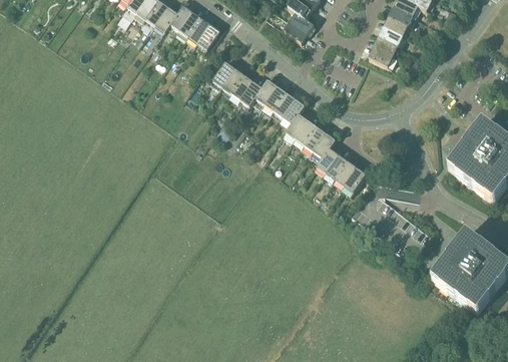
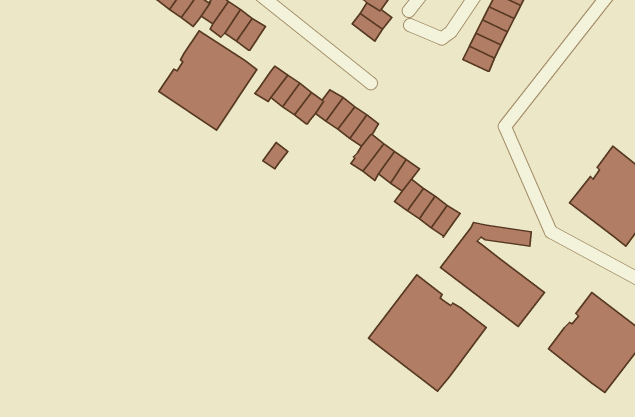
building: none -> [159,31,257,130]
building: none -> [368,275,486,391]

